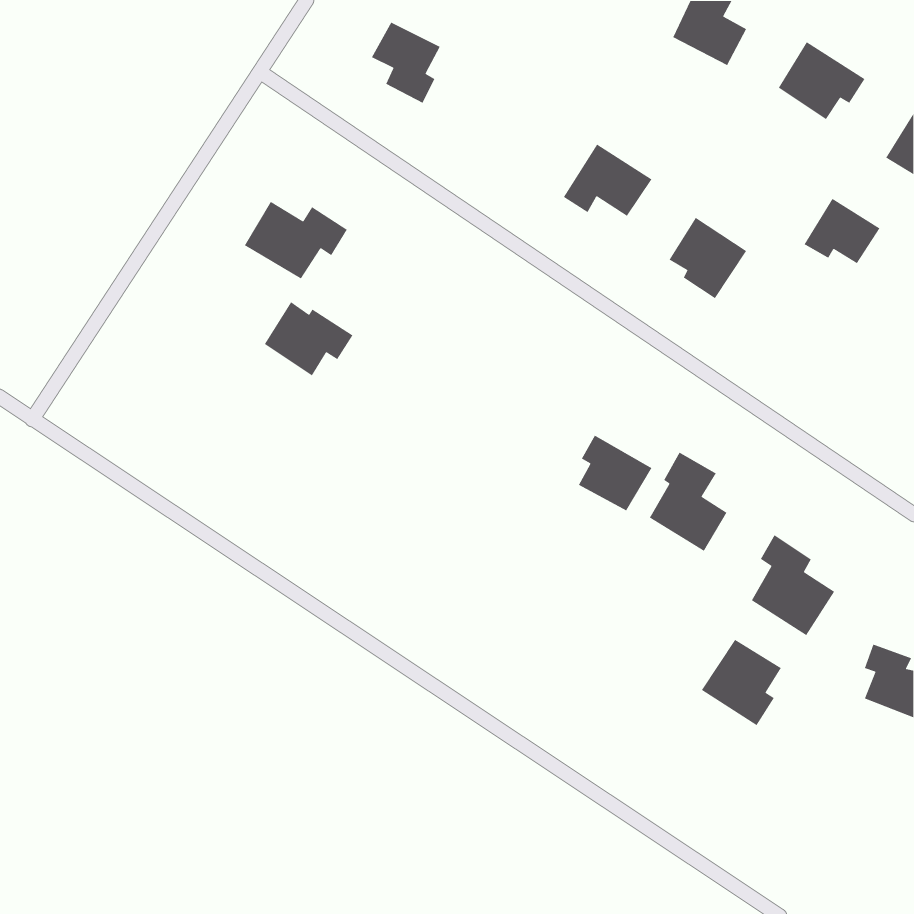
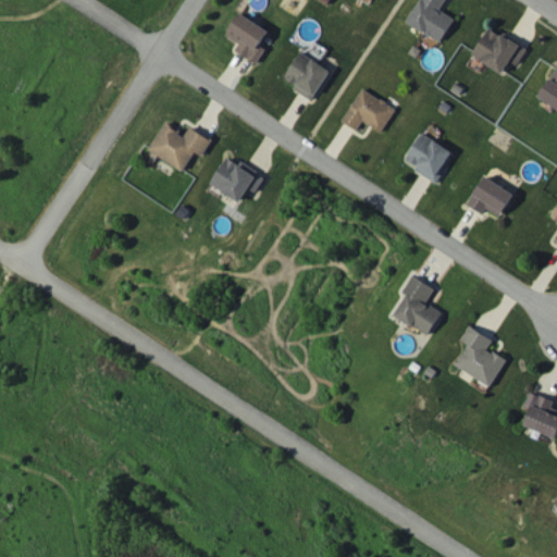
building: none -> [284,52,330,101]
building: [803,198,881,264] -> [467,176,513,216]
building: [264,301,354,376] -> [210,157,264,202]
building: [578,435,652,512] -> none
building: [701,639,782,726] -> none

